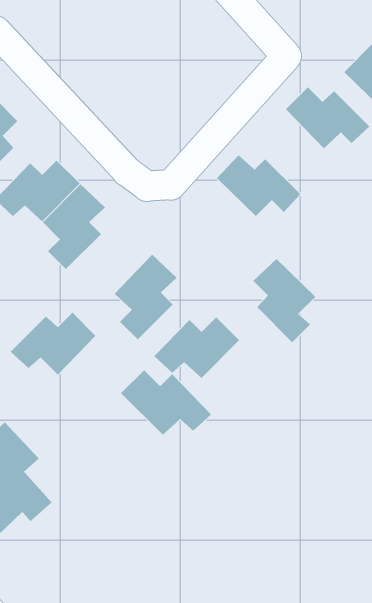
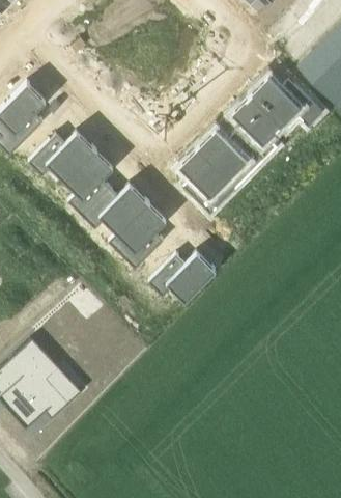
building: none -> [234,92,283,159]
building: [252,258,316,343] -> [180,146,230,213]
building: [10,312,96,376] -> [82,187,149,237]
building: [120,369,212,436] -> none

